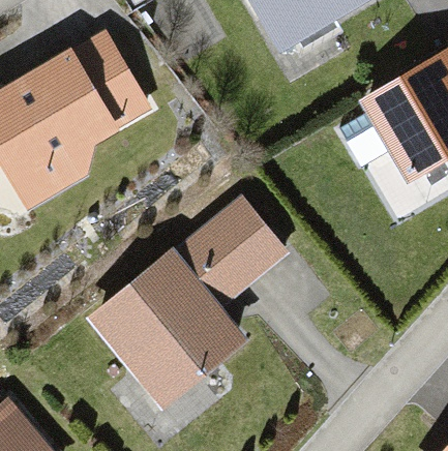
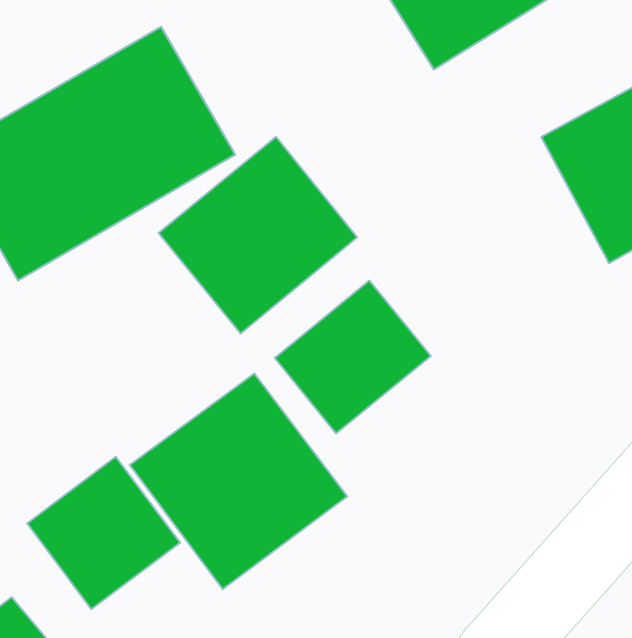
building: none -> [158,137,357,334]
building: none -> [27,457,180,609]

